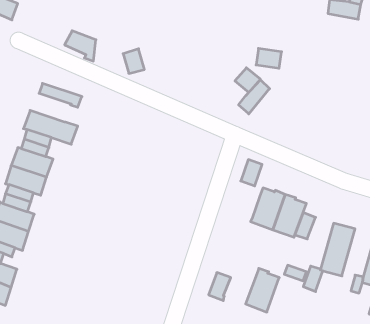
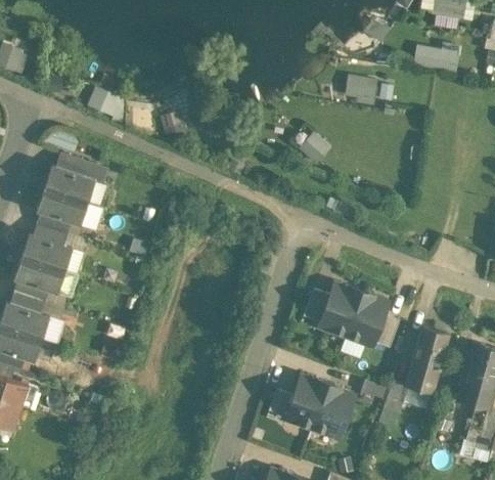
building: [256,48,282,68] -> [347,76,378,100]
building: [239,80,270,114] -> none
building: none -> [45,164,96,201]
building: [241,160,262,186] -> [304,288,330,320]
building: none -> [285,375,329,427]

